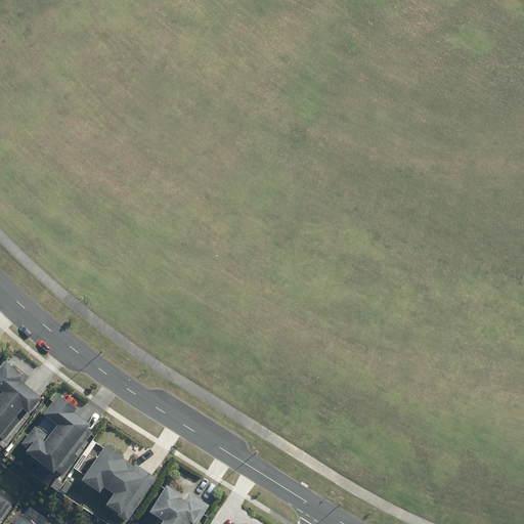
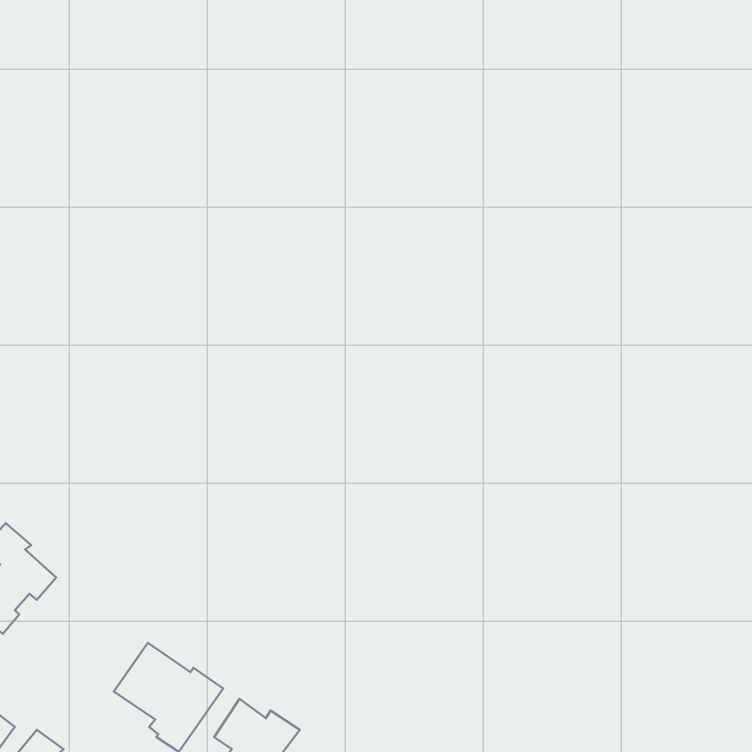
building: [18,397,90,480] -> none

